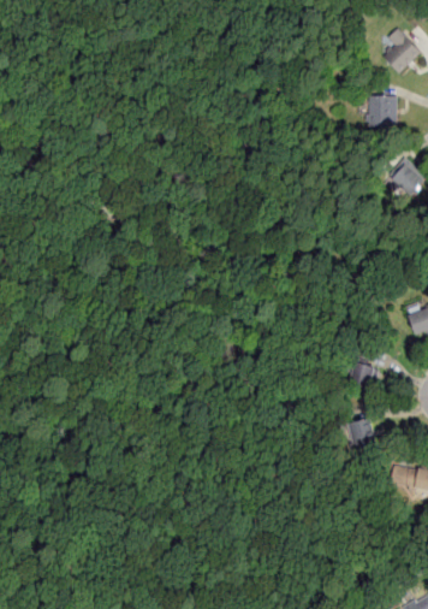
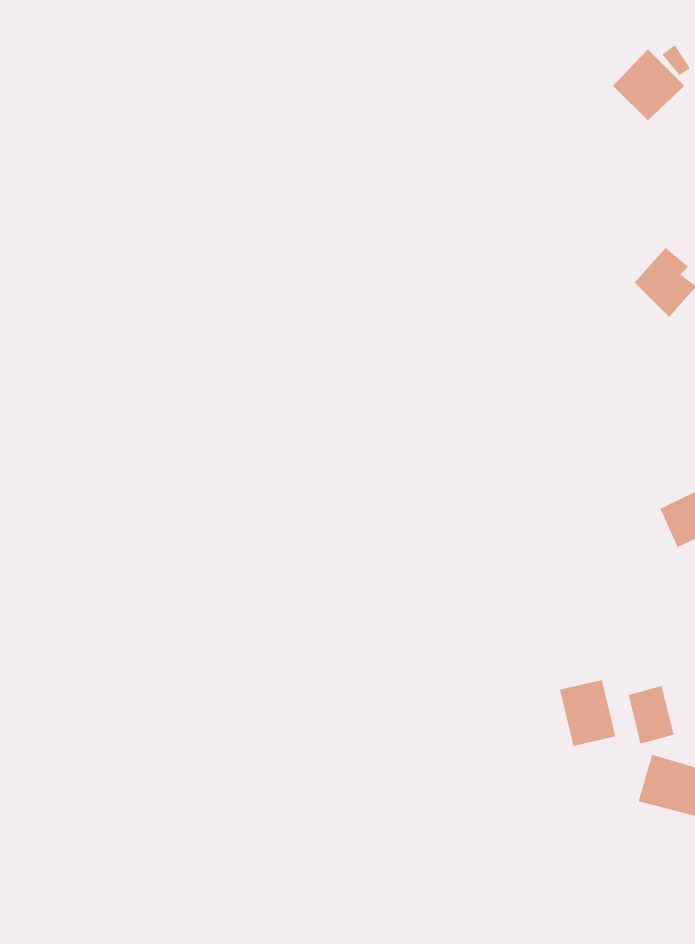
building: [367,96,397,129] -> none
building: [345,360,376,391] -> none
building: none -> [628,685,674,745]

